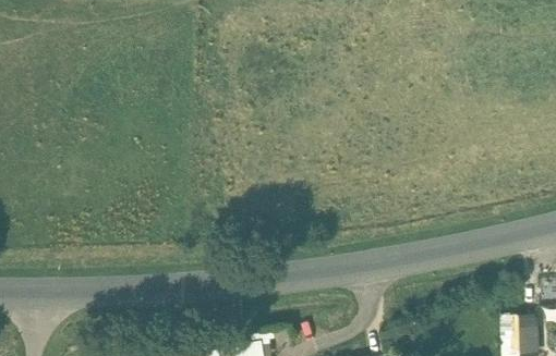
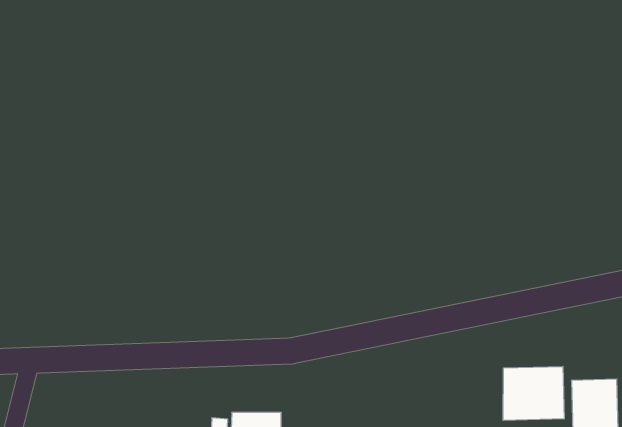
building: none -> [503,366,564,420]

